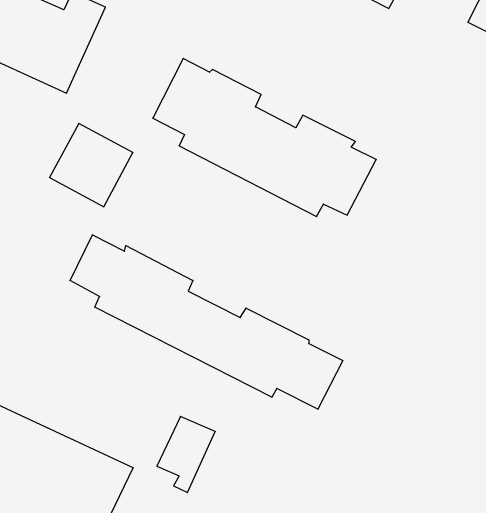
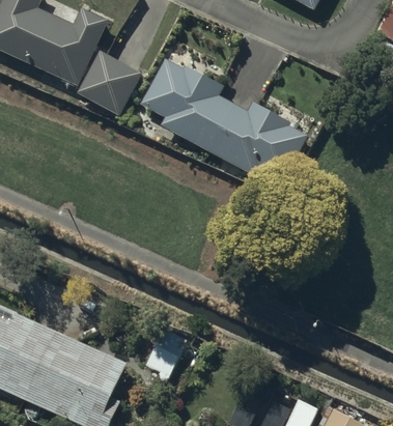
building: [50,123,133,207] -> [77,49,139,111]
building: [70,235,343,409] -> none

